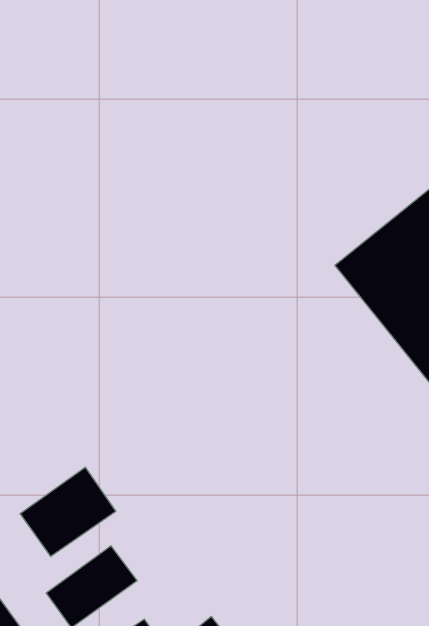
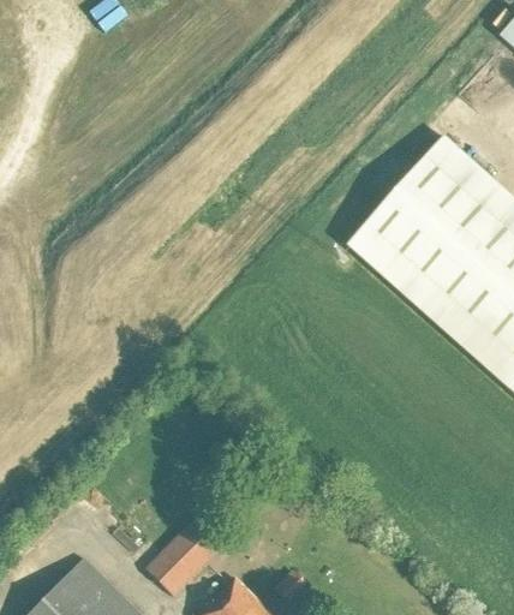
building: [20,467,116,557] -> none

